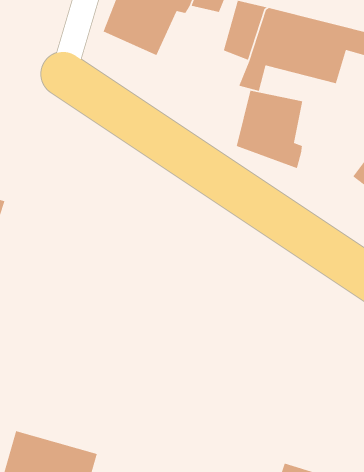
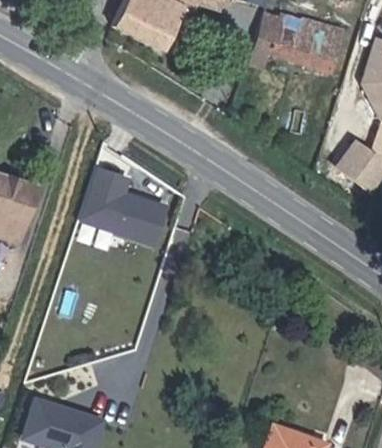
building: [236,90,303,169] -> none
building: none -> [83,163,170,244]

